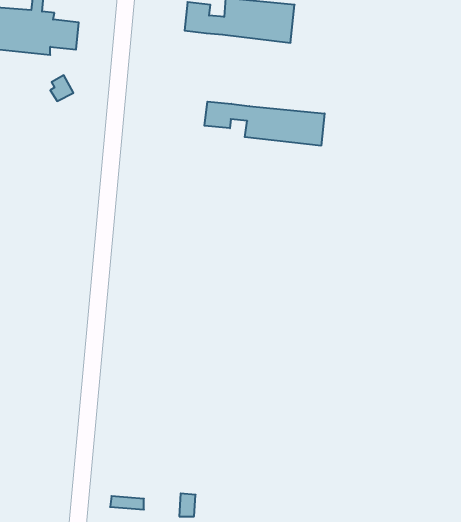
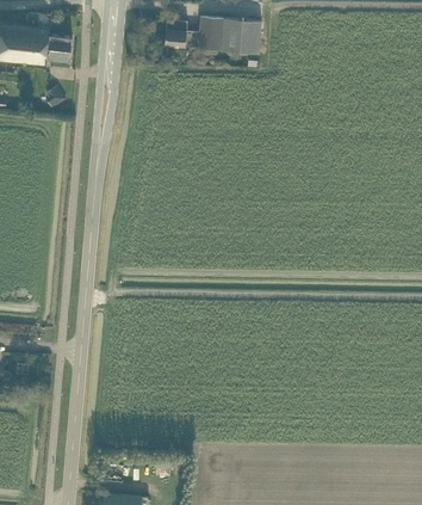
building: [204,102,325,146] -> none

